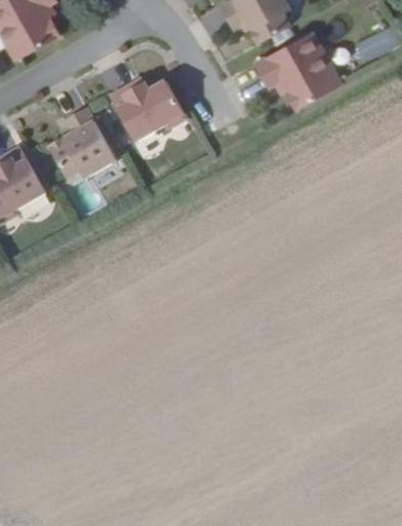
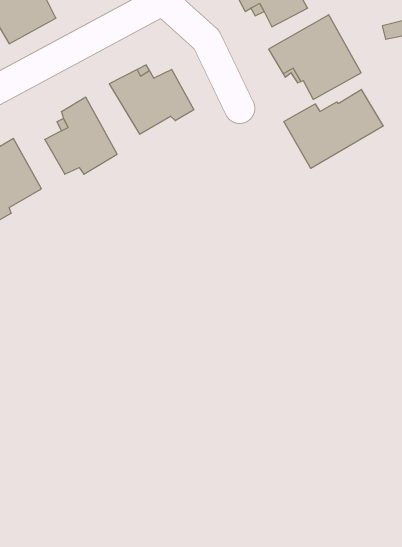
building: none -> [284,89,383,168]

